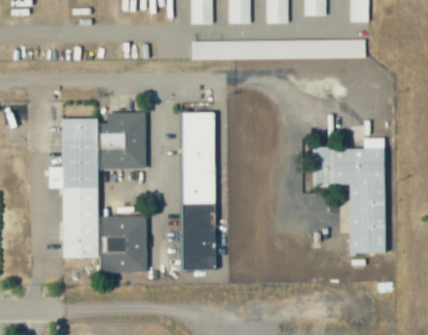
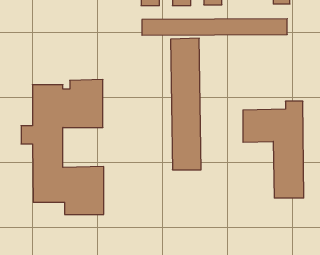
building: [180,112,217,269] -> [171,38,201,170]

